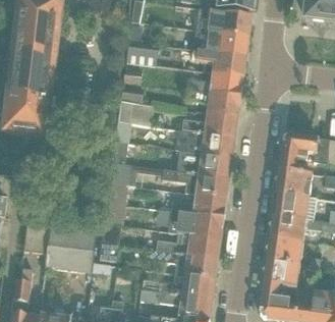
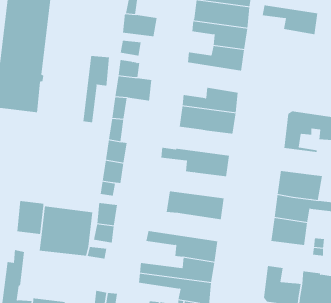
building: none -> [83,55,109,123]
building: [185,87,239,115] -> [262,5,318,35]
building: [176,148,231,175] -> none
building: [276,168,312,194] -> none
building: [170,192,225,216] -> none
building: [156,230,220,257] -> none
building: [264,257,299,283] -> none

